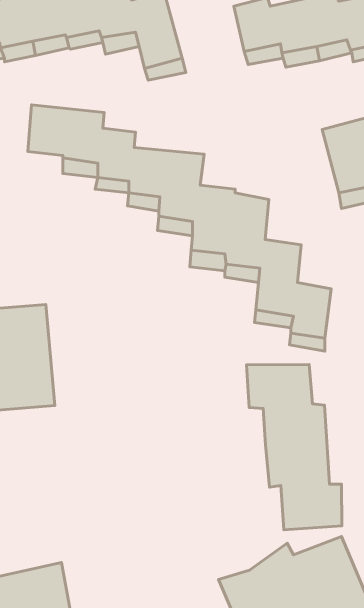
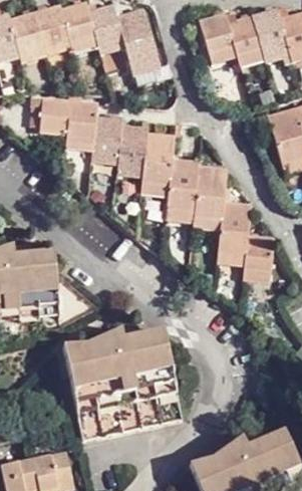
building: [247,364,342,530] -> none
building: none -> [62,326,179,425]

